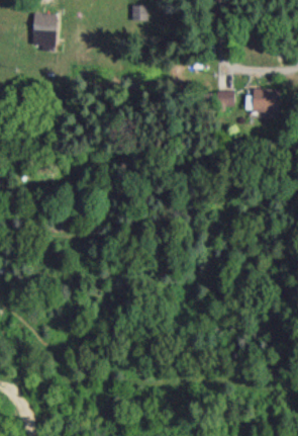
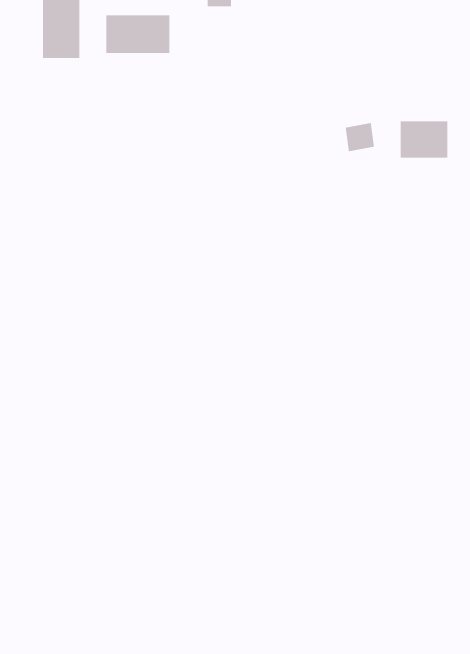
building: none -> [106,14,170,54]

